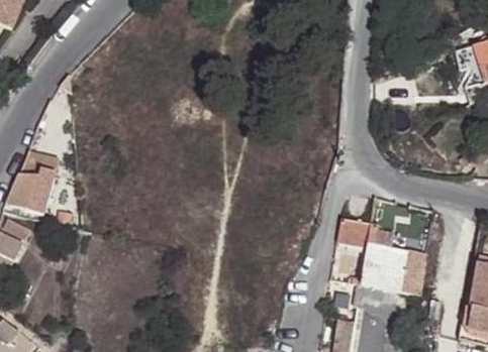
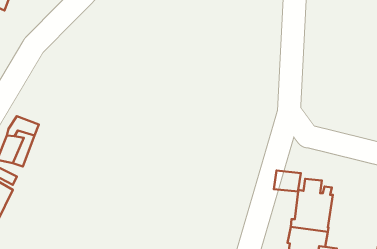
building: [401,250,434,294] -> none

